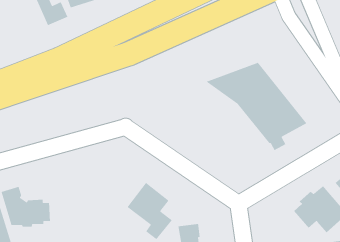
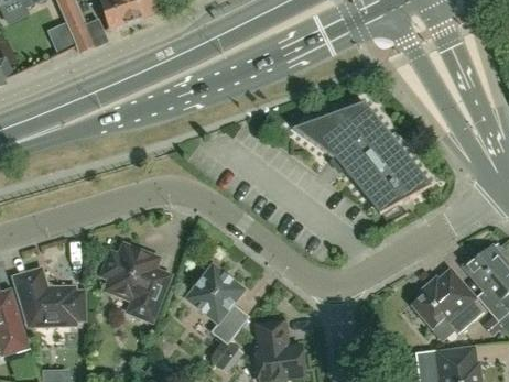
building: none -> [104,243,171,321]

